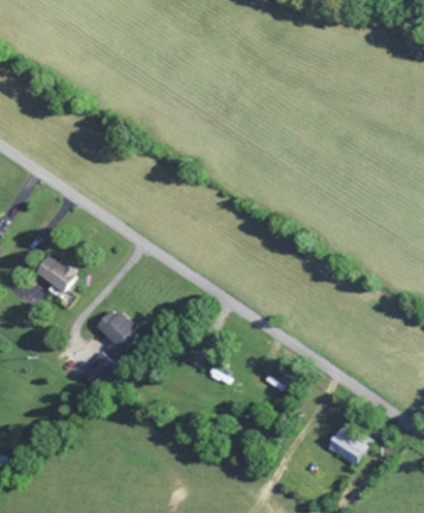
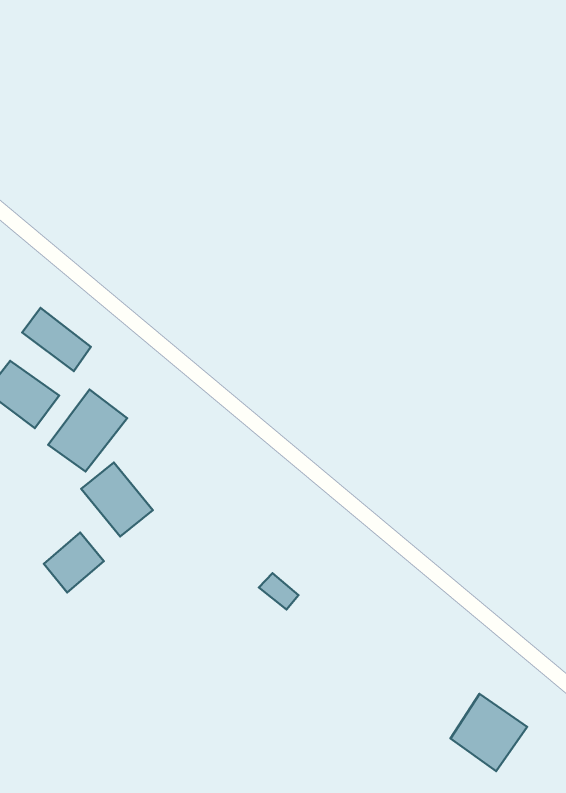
building: none -> [22,308,91,371]
building: none -> [48,390,127,471]

